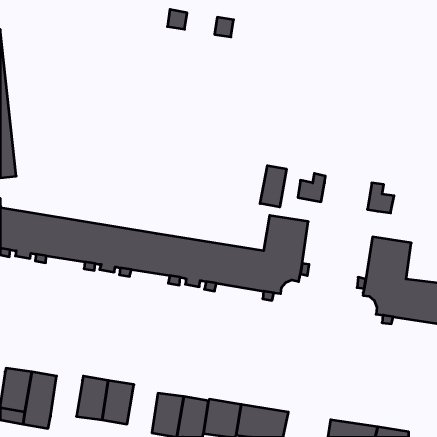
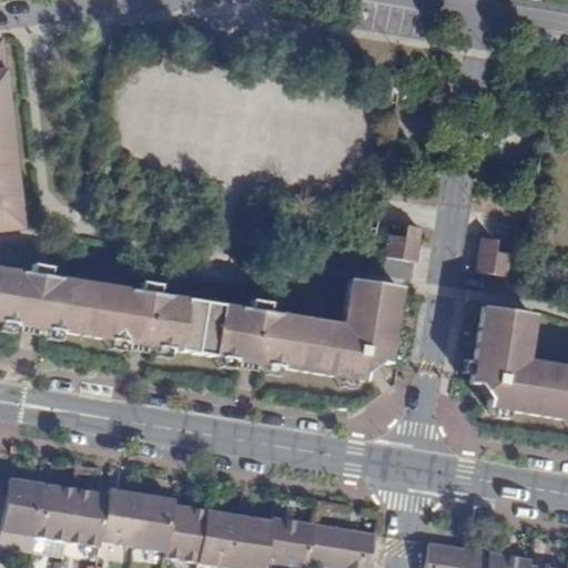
building: [260,166,286,207] -> none
building: none -> [68,486,109,542]
building: none -> [165,503,206,559]

